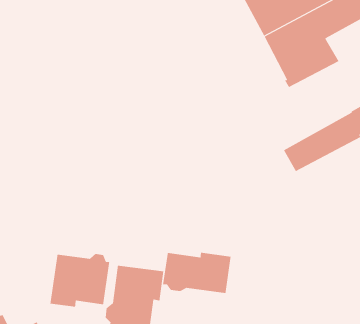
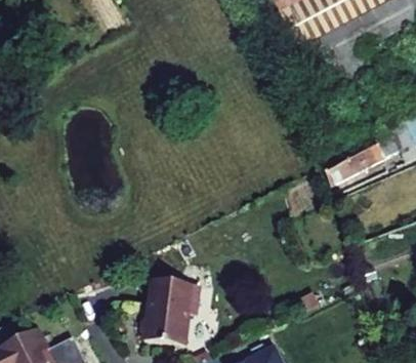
building: [162,252,231,294] -> none
building: [50,253,110,308] -> none

